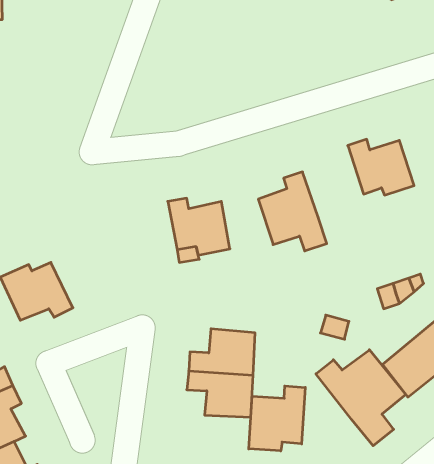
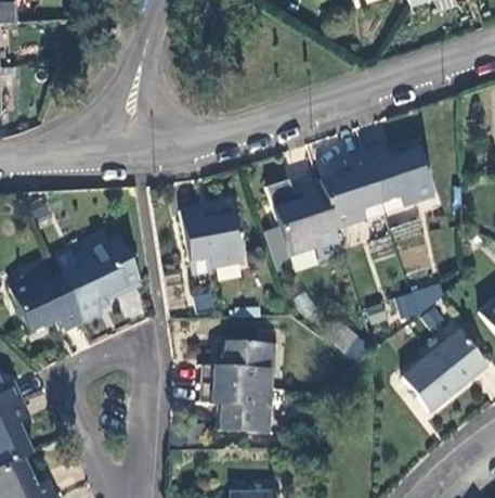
building: none -> [321,152,387,226]
building: none -> [62,238,142,319]
building: [316,350,406,446] -> none
building: [249,386,305,451] -> none

